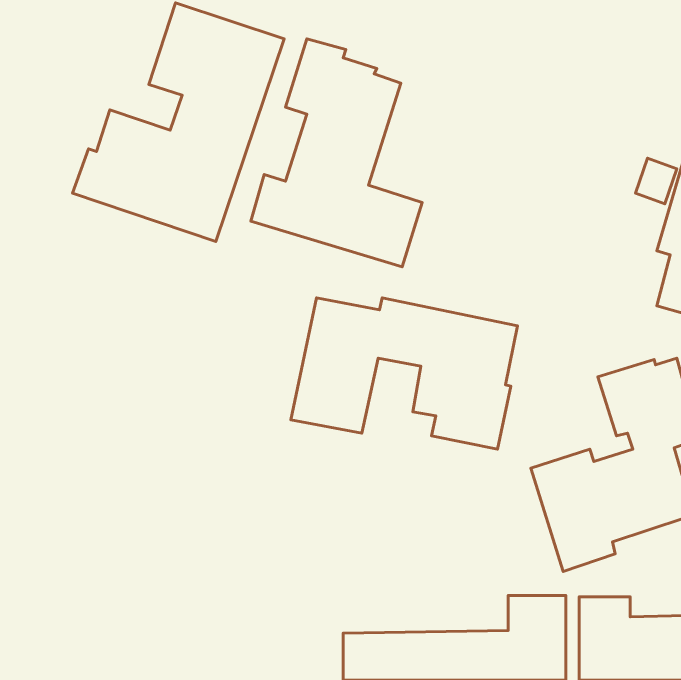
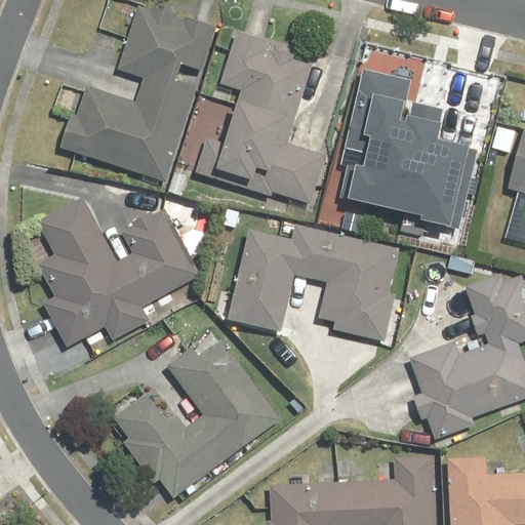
building: none -> [326,68,480,234]
building: none -> [36,198,202,345]
building: none -> [113,328,281,497]

